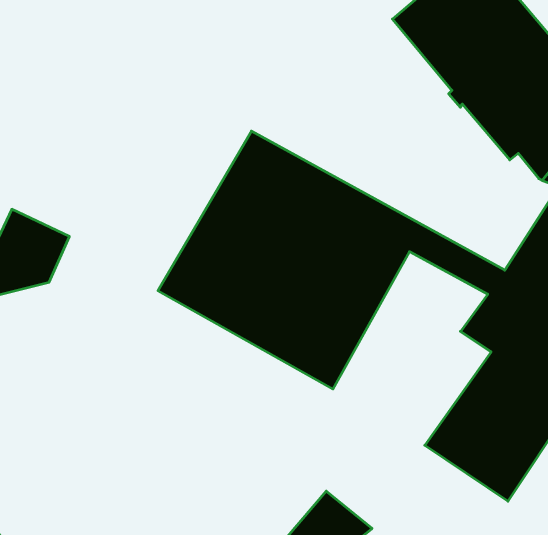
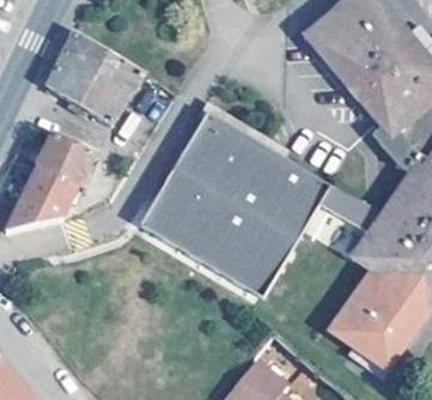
building: none -> [45,28,142,125]
building: none -> [37,132,93,184]

